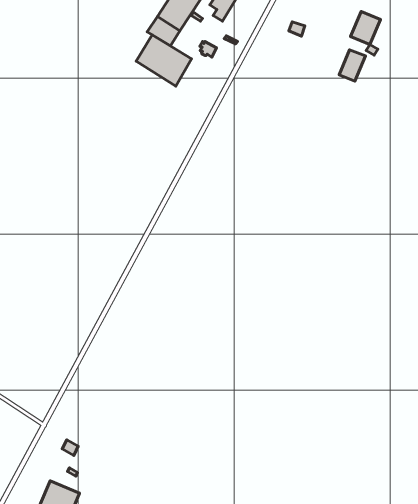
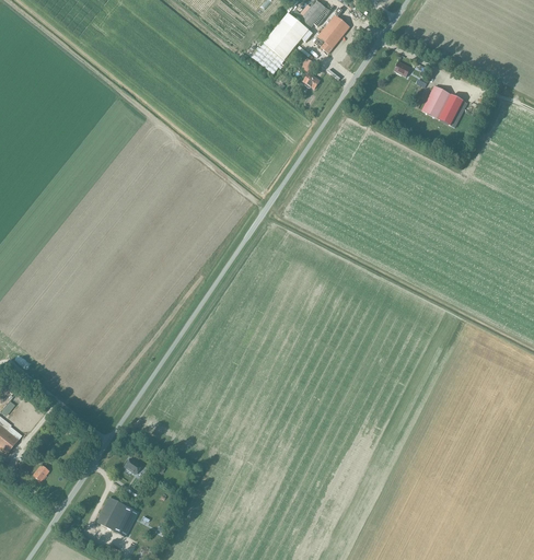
building: [351,12,380,45] -> [420,85,452,119]
building: [136,35,192,86] -> none

